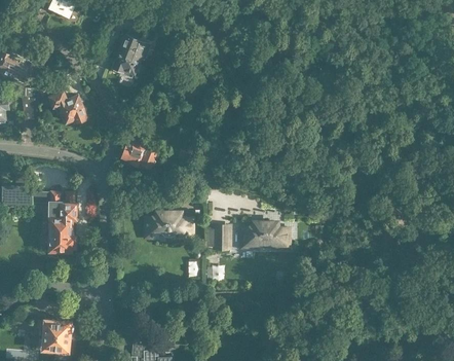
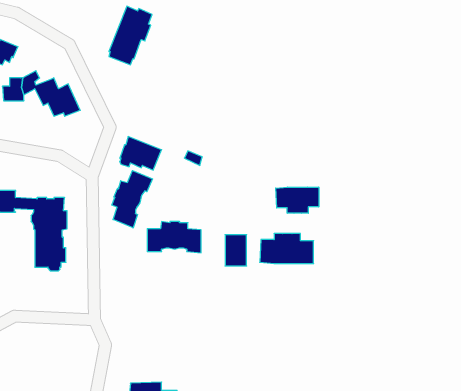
building: none -> [112,171,152,228]
building: none -> [276,187,319,213]
building: [36,319,73,353] -> none

